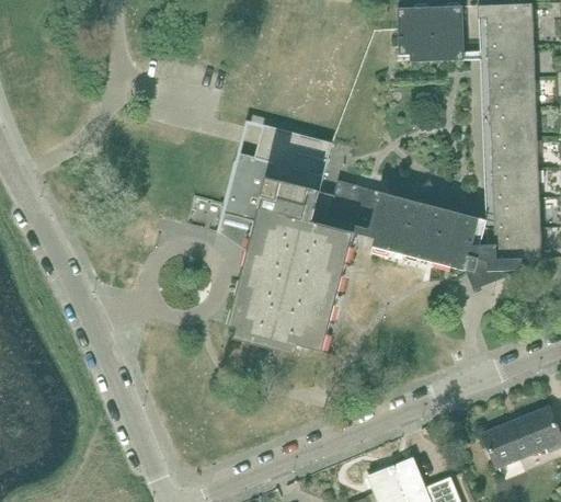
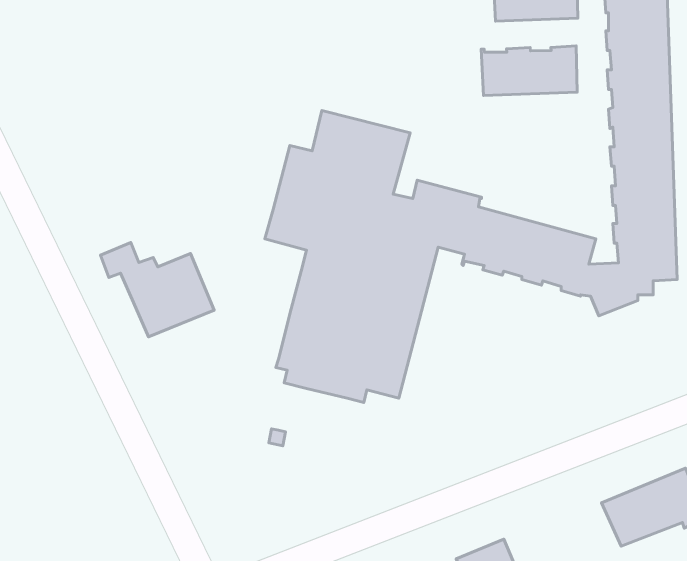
building: none -> [481,46,577,95]
building: none -> [101,243,214,337]

